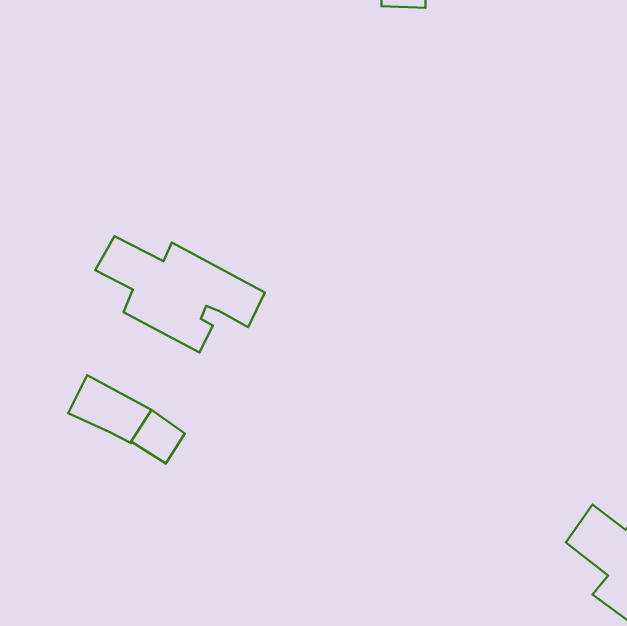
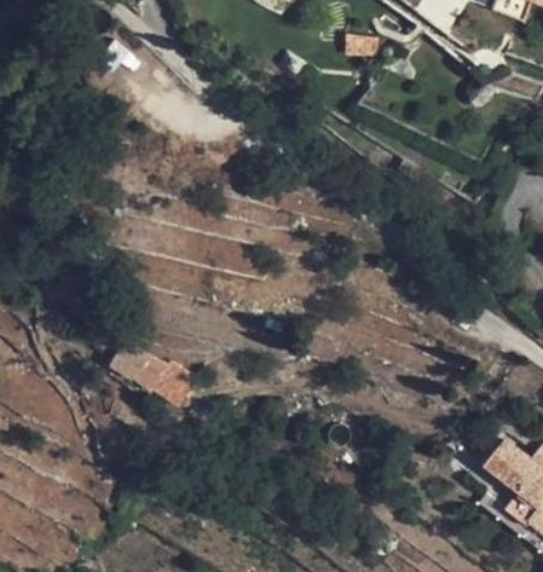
building: [95,236,265,352] -> none

